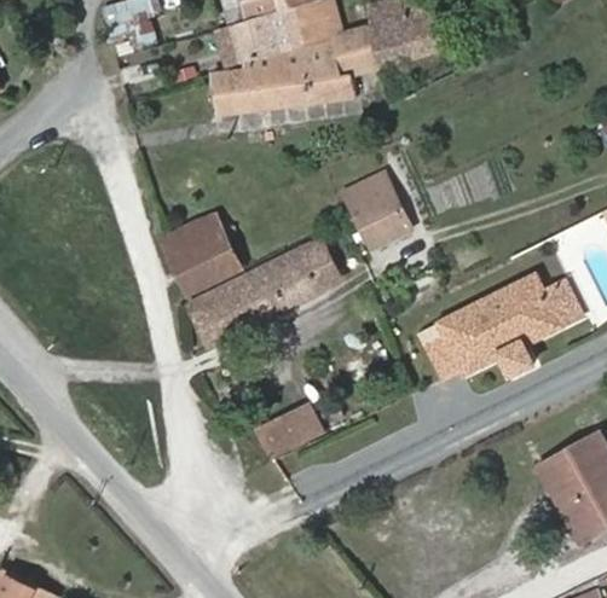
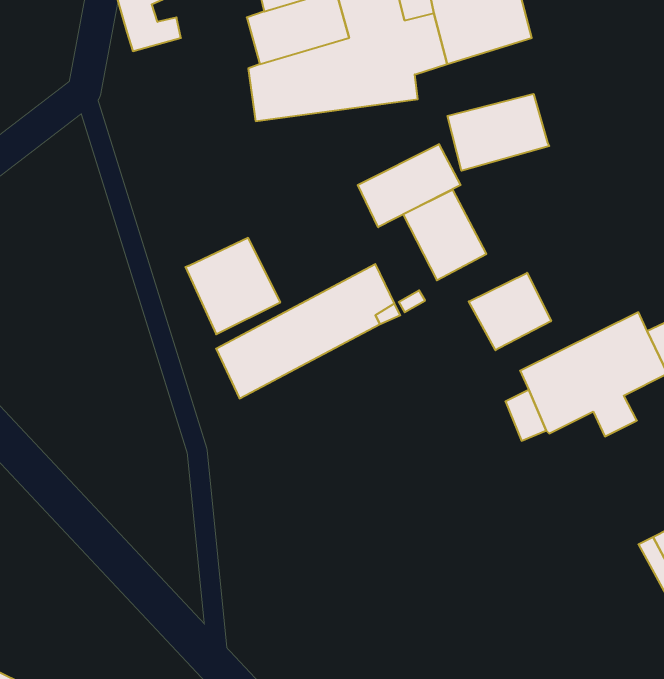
building: none -> [447,94,549,171]
building: none -> [358,144,461,227]
building: none -> [469,273,551,350]
building: [256,410,308,461] -> none

